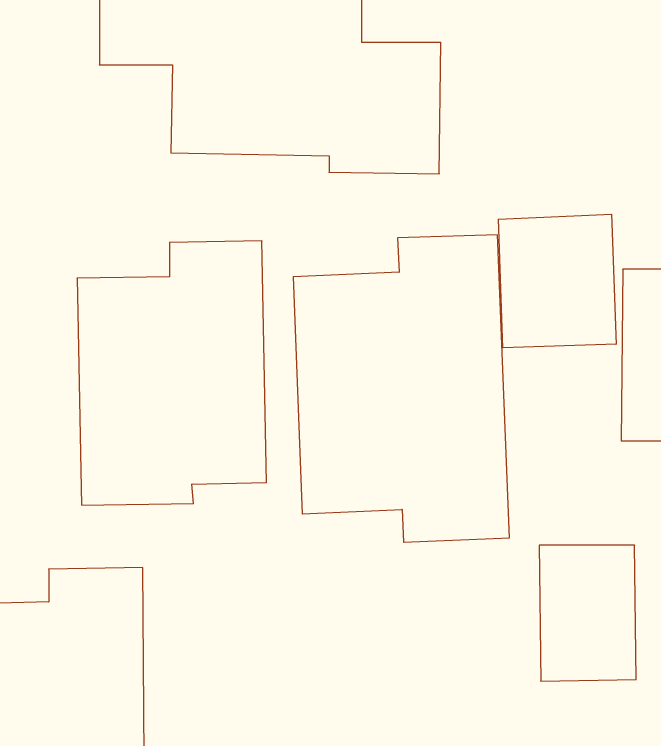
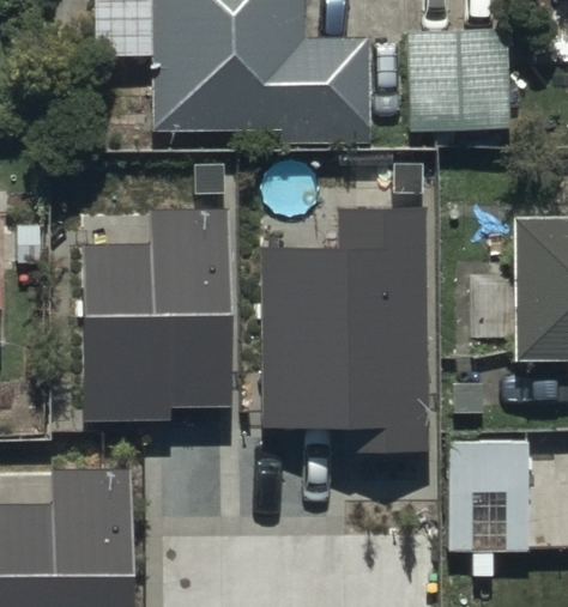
building: none -> [407,32,515,132]
building: [498,214,616,348] -> none

